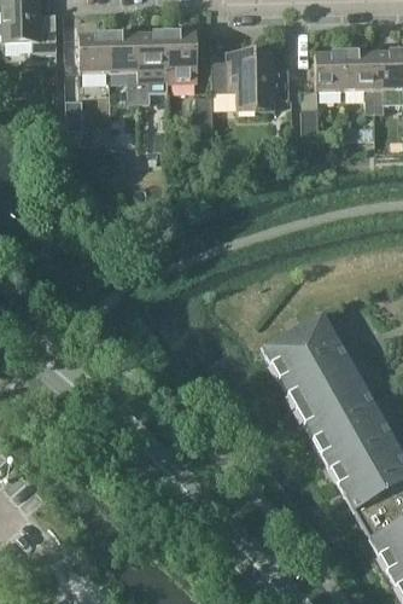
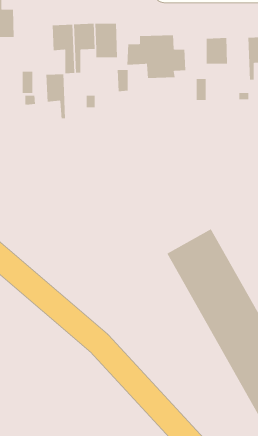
building: [78,36,109,71] -> none
building: [345,53,375,112] -> none
building: none -> [46,73,66,119]

